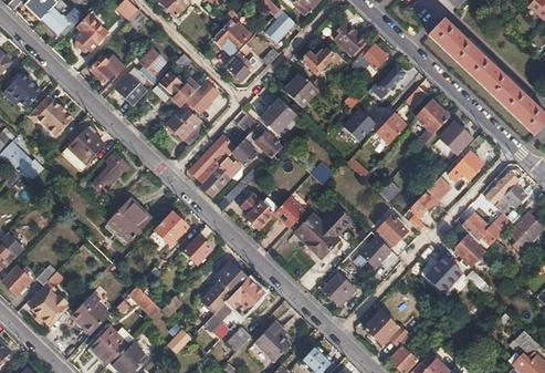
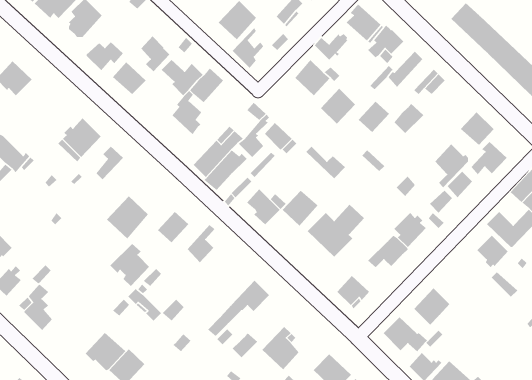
building: [28,95,73,136] -> none
building: [262,97,295,132] -> [320,88,356,125]
building: [418,100,450,142] -> [435,144,469,189]
building: [428,256,462,291] -> [413,287,450,325]
building: [203,262,248,312] -> none
building: [71,294,108,335] -> [110,243,150,287]

